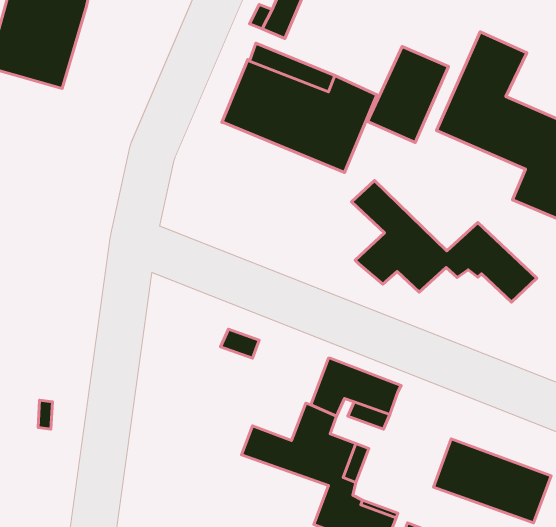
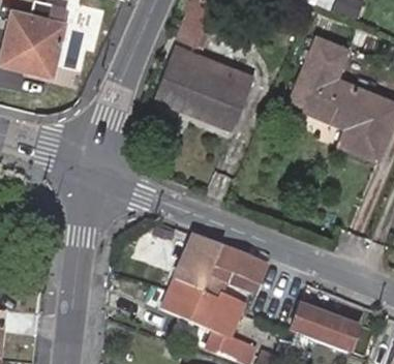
building: [368,46,449,143] -> none
building: [351,180,537,302] -> none
building: none -> [172,237,220,300]

